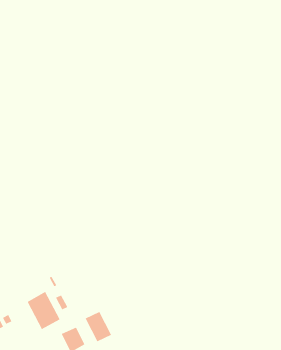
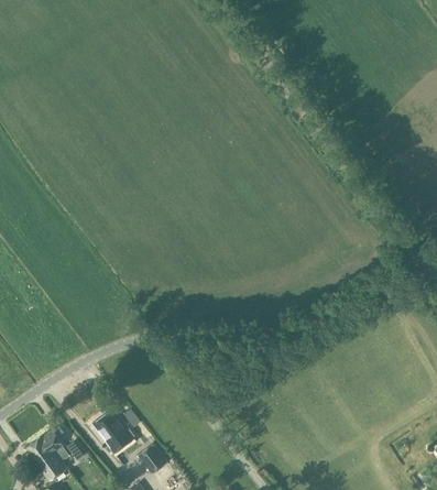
building: [85,311,112,342] -> none

